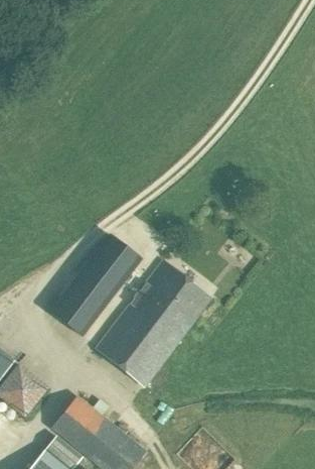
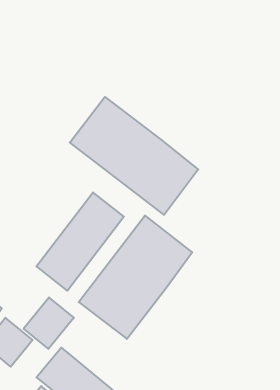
building: none -> [70,97,198,215]
building: none -> [24,297,74,349]

